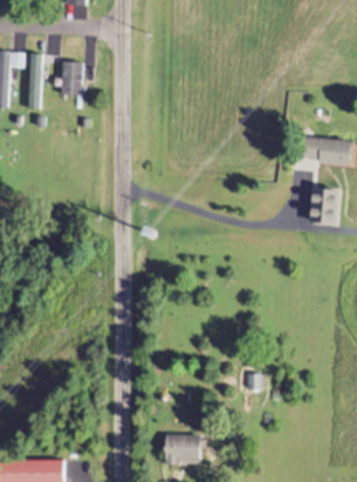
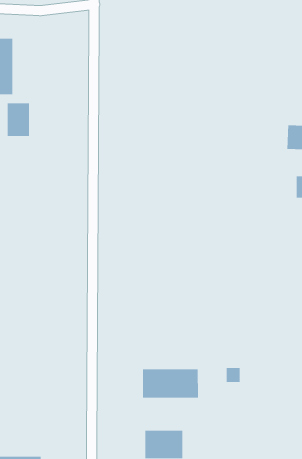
building: [59,61,81,95] -> [7,102,30,137]
building: none -> [142,368,199,399]

